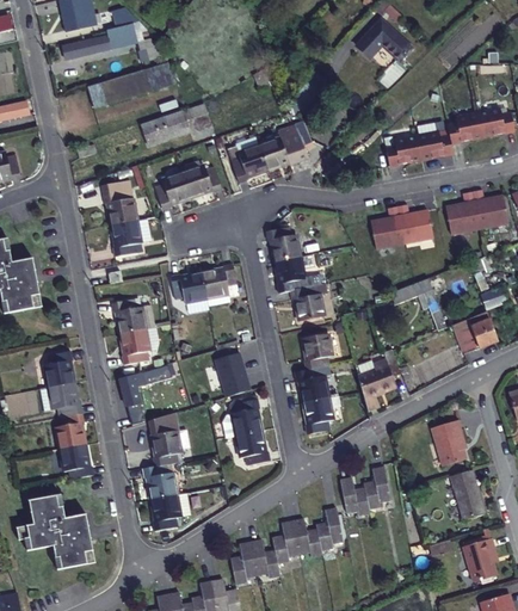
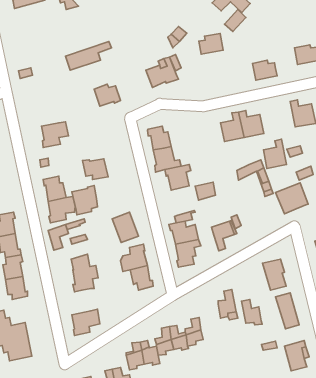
building: [92,67,178,107] -> none
building: [446,113,482,143] -> none
building: [386,136,421,166] -> [199,34,223,54]
building: [228,146,271,184] -> none
building: [158,173,195,211] -> none
building: [100,181,135,227] -> none
building: [445,191,479,234] -> [263,139,286,169]
building: [201,265,238,308] -> [72,185,97,215]
building: [302,331,332,357] -> [195,182,216,200]
building: [146,465,181,501] -> none
building: [341,475,371,512] -> [242,299,262,325]

